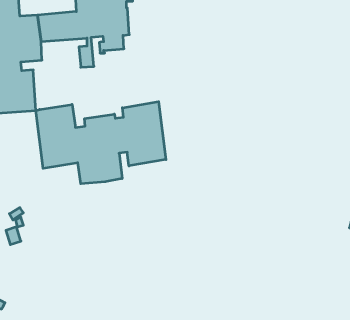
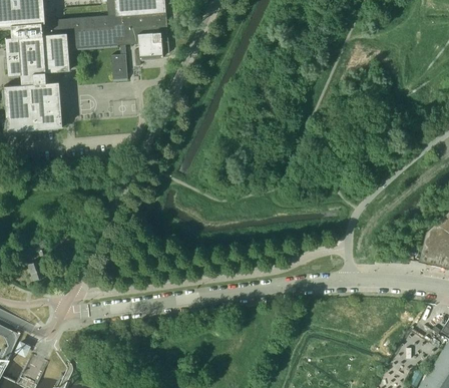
building: [36,102,166,184] -> none

